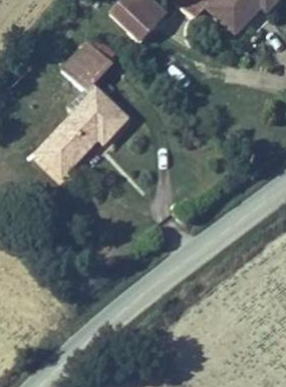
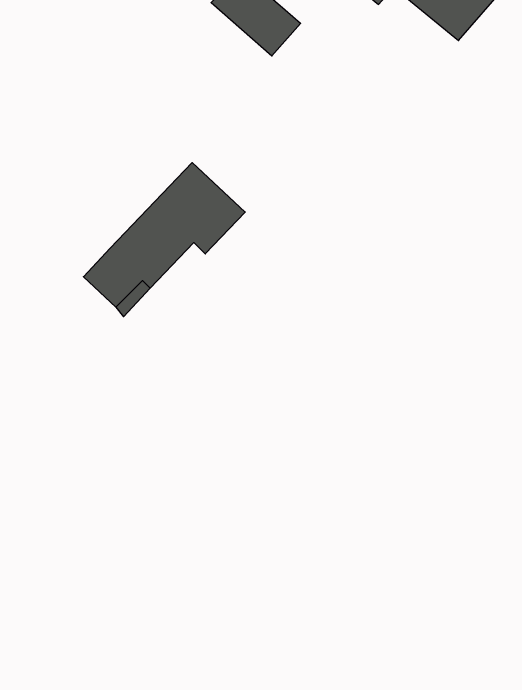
building: [63,39,118,94] -> none

